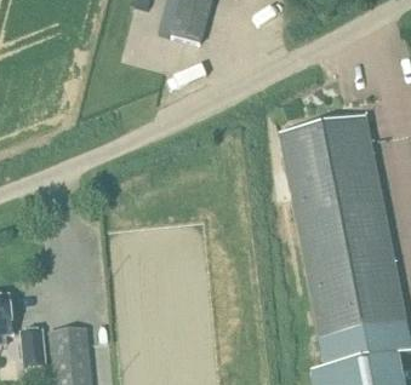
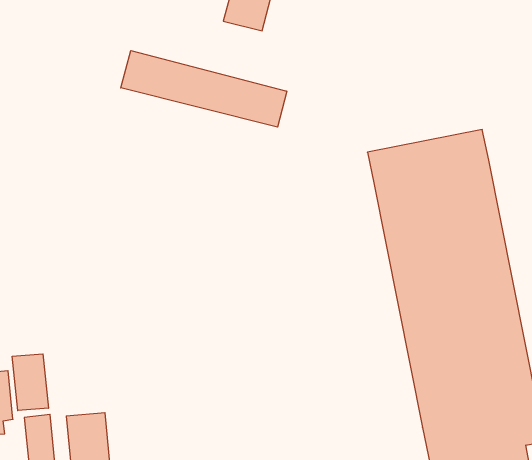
building: none -> [121,51,287,127]
building: none -> [12,354,48,411]

